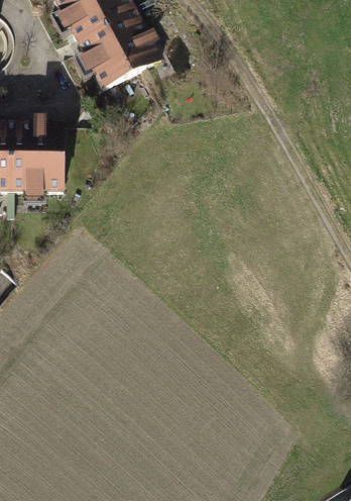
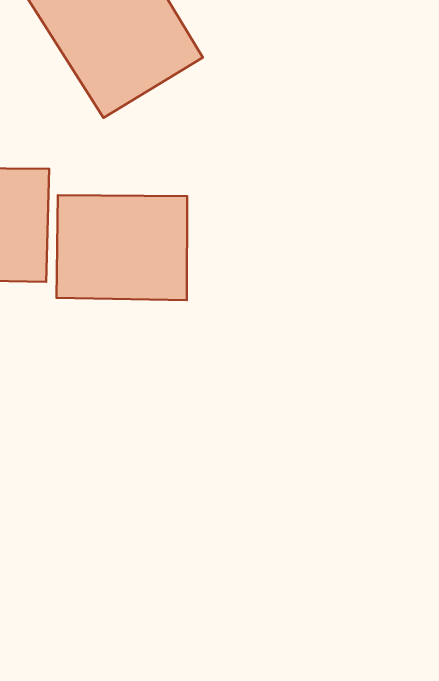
building: none -> [56,195,187,300]

